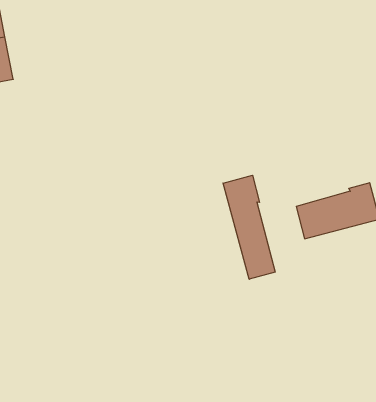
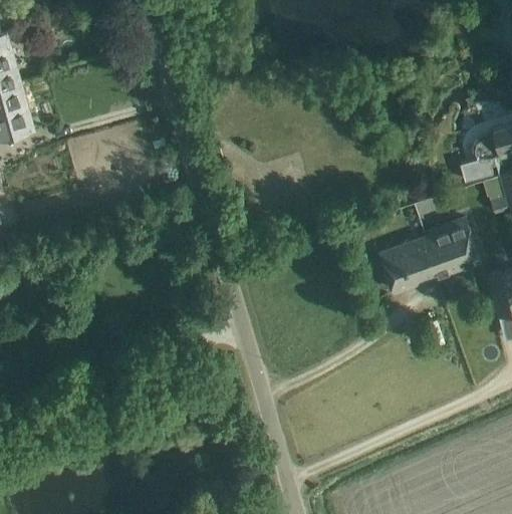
building: [223,175,275,279] -> none

